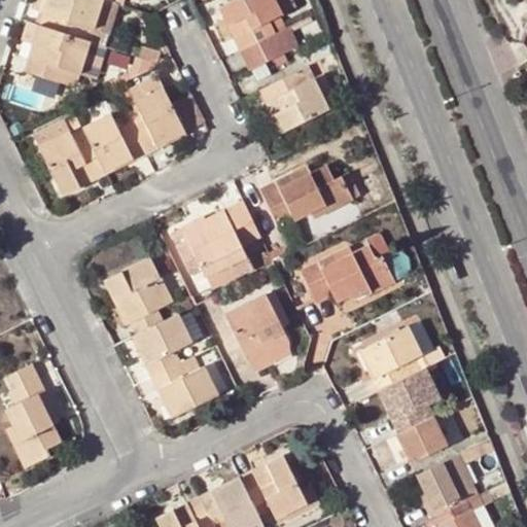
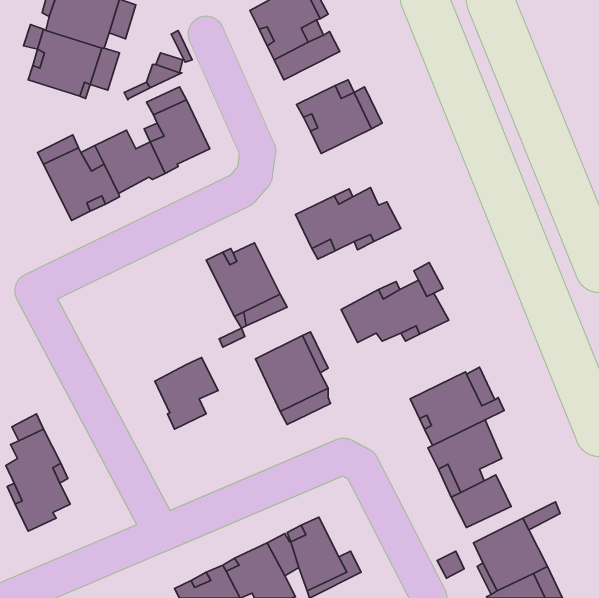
building: [223,203,259,246] -> none
building: [105,256,171,335] -> none
building: [153,357,217,415] -> none

